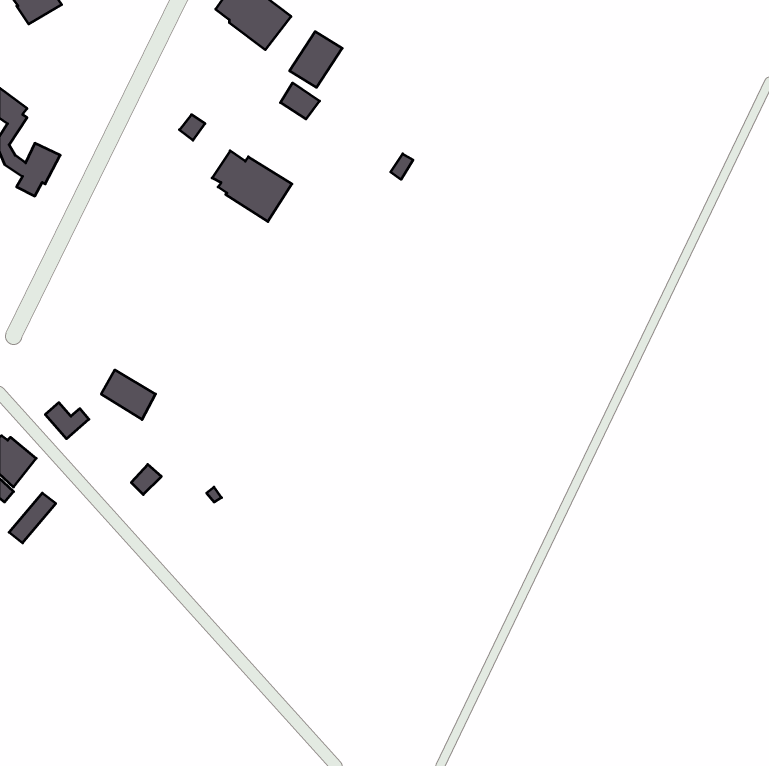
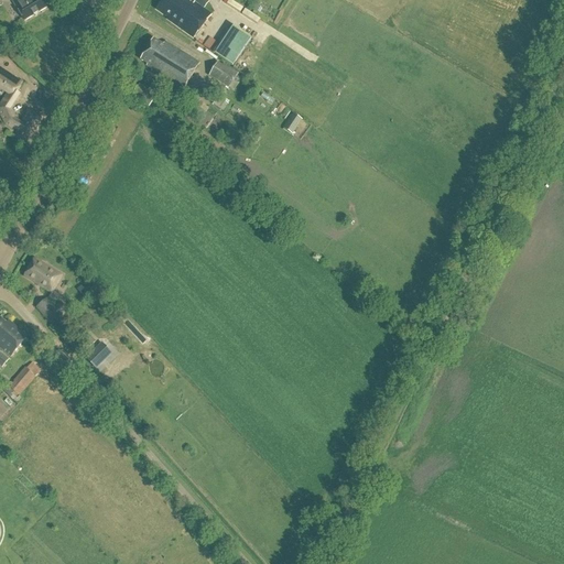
building: [212,151,292,222] -> [141,37,199,89]
building: [101,370,156,420] -> [20,254,59,291]

